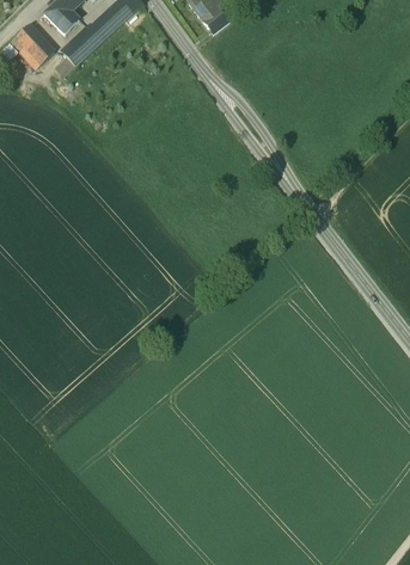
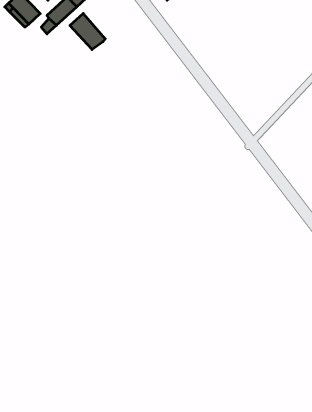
building: none -> [70,13,105,50]

